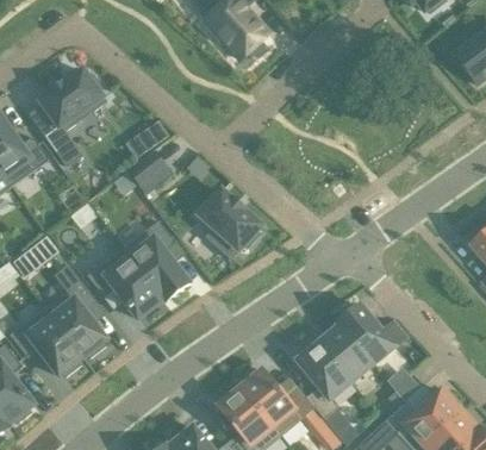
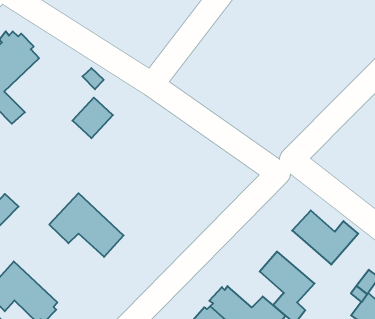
building: [200,189,261,258] -> none
building: [124,220,189,300] -> none
building: [45,281,107,357] -> none
building: [319,323,373,381] -> none

